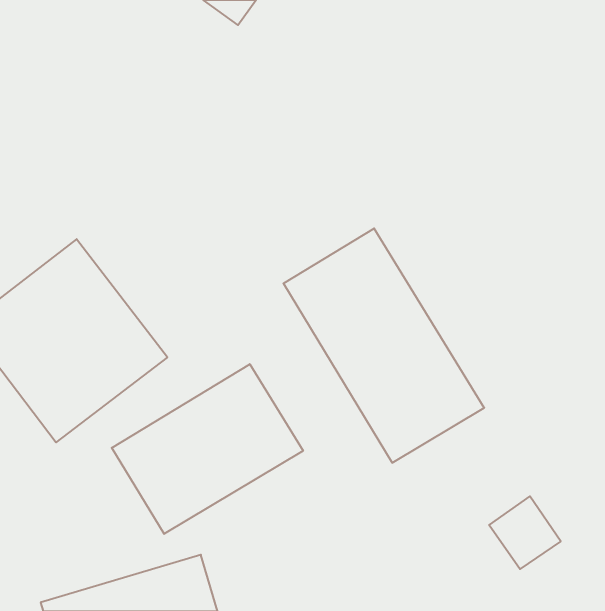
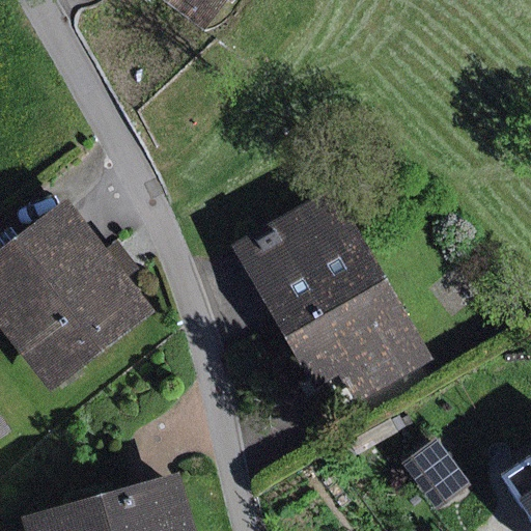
building: [112,364,303,534] -> none

